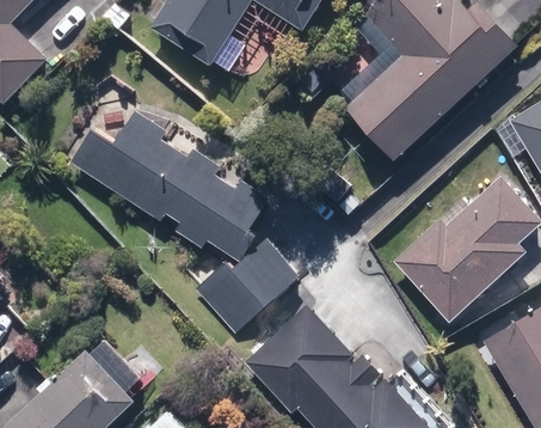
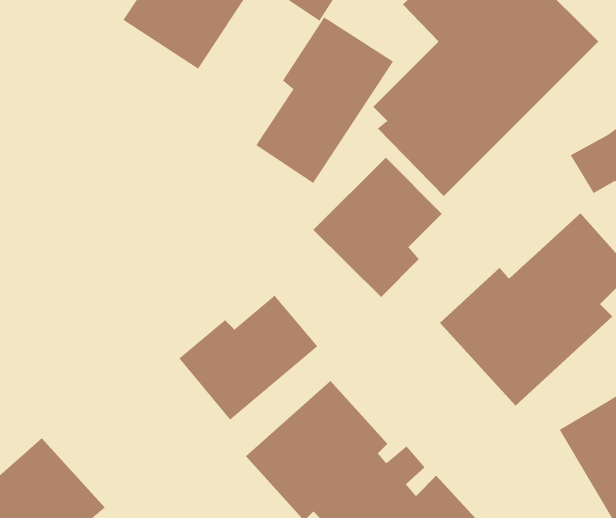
building: none -> [256,16,394,184]
building: [72,109,270,255] -> none
building: none -> [313,157,443,298]

